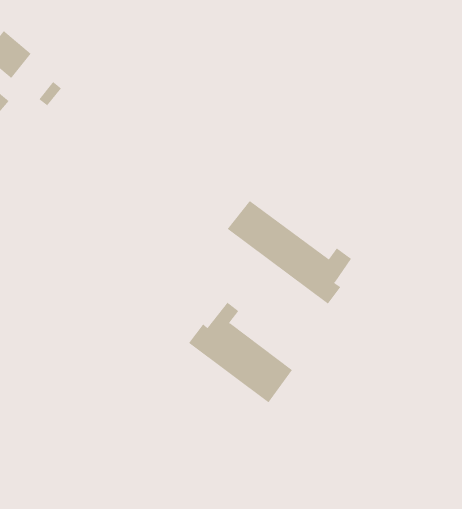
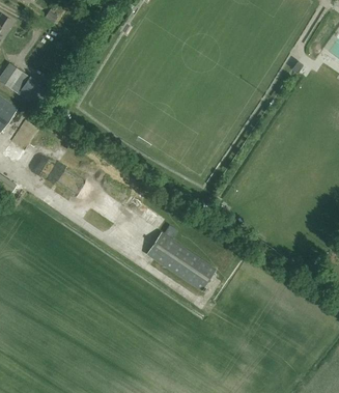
building: [227,200,352,305] -> none

